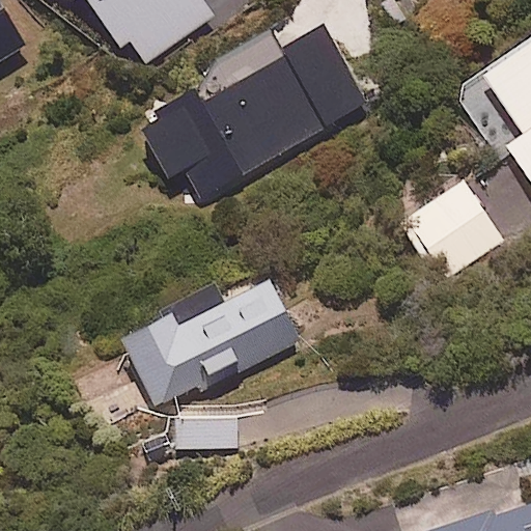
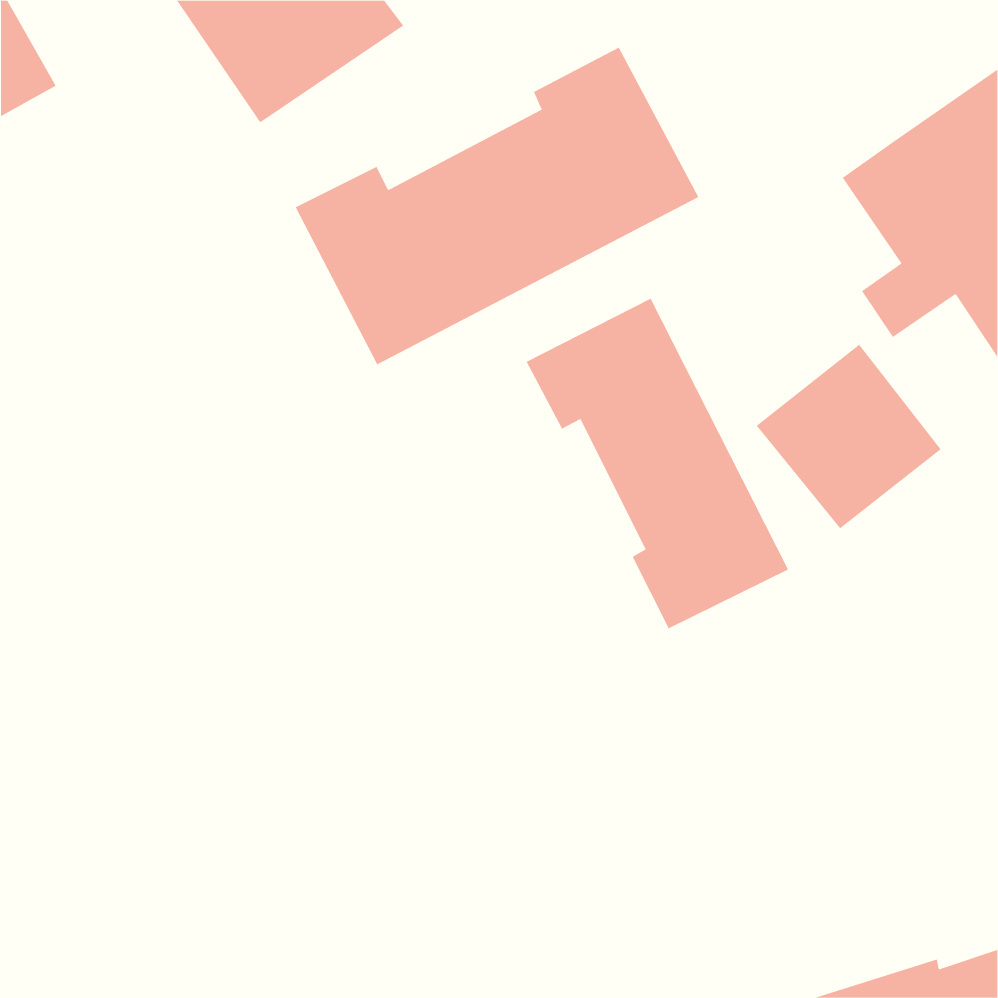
building: none -> [526,298,789,629]
building: [123,276,310,404] -> none

